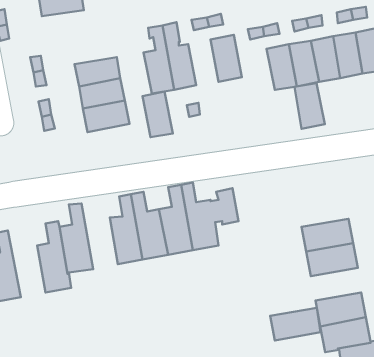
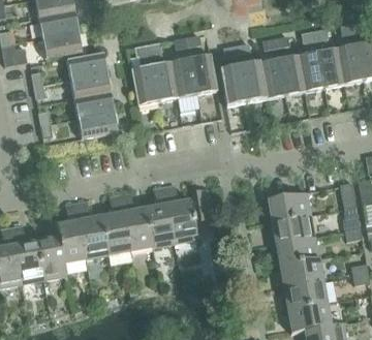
building: none -> [42,31,83,58]
building: none -> [67,52,107,79]
building: [294,83,325,129] -> [220,65,247,105]
building: [142,91,173,137] -> [171,57,197,97]
building: none -> [267,191,312,222]
building: none -> [76,199,108,259]
building: none -> [11,223,44,284]
building: [270,308,320,340] -> [279,258,323,287]

